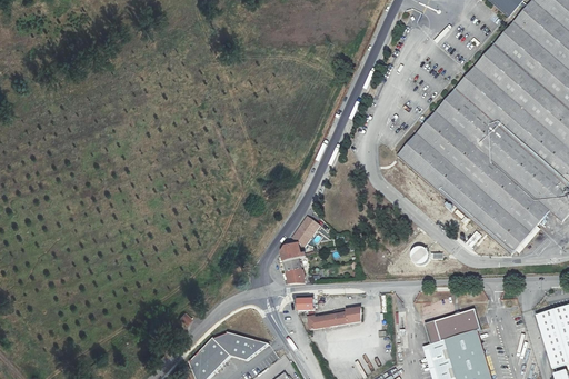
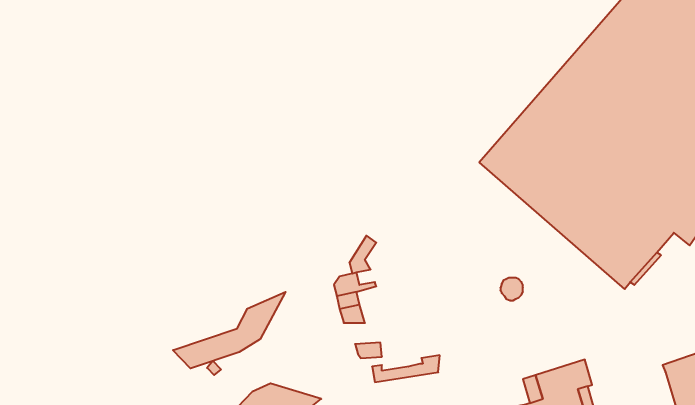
building: none -> [173,292,286,368]

